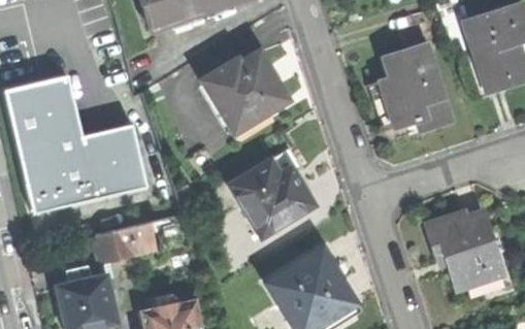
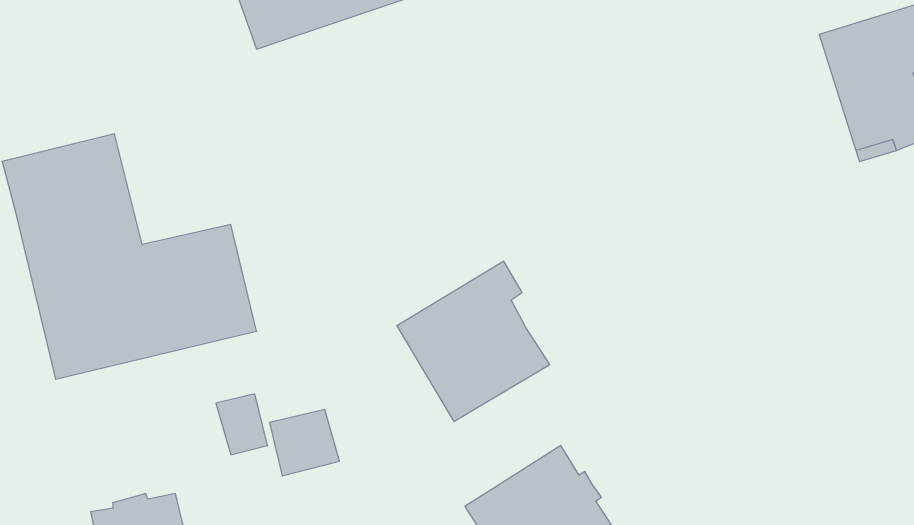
building: [378,43,451,130] -> none
building: [200,51,288,133] -> none
building: [424,210,503,286] -> none
building: [96,227,135,264] -> [269,410,339,476]

